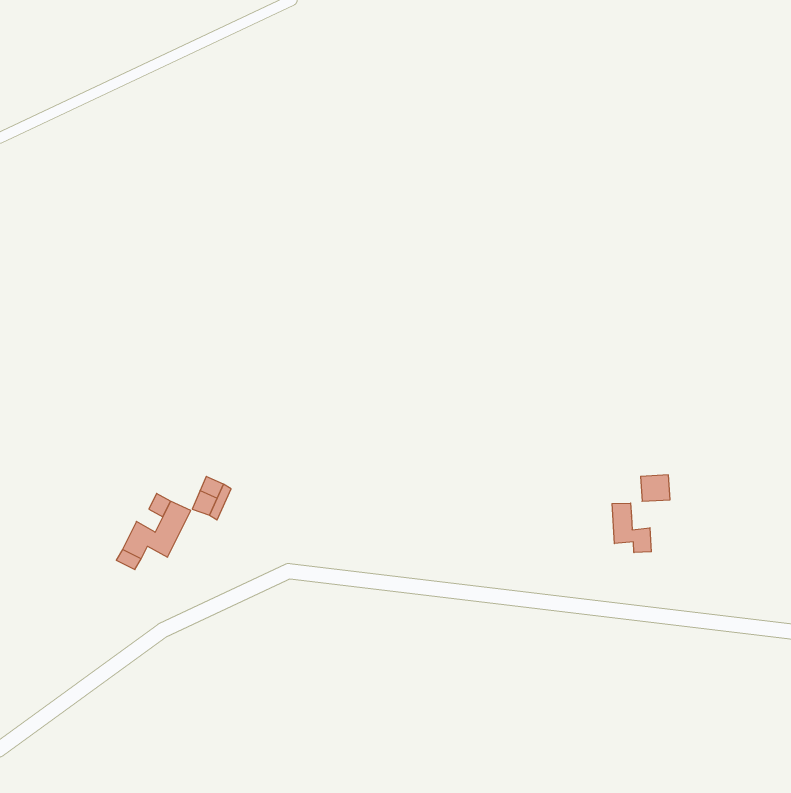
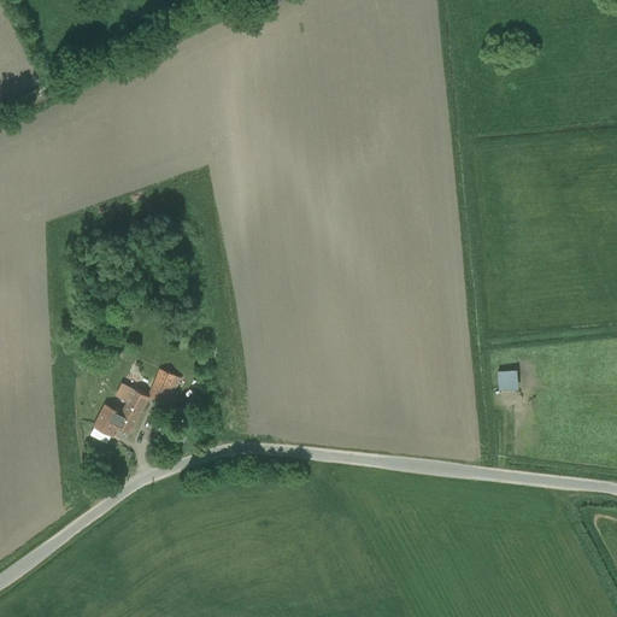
building: [612,503,651,553] -> none

